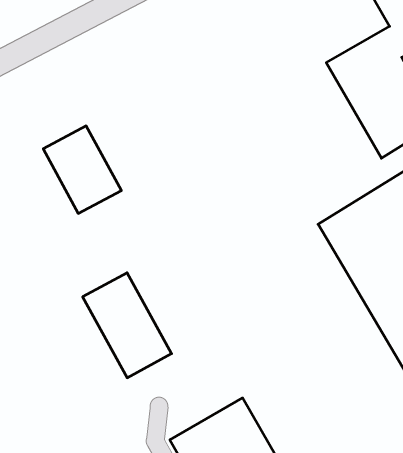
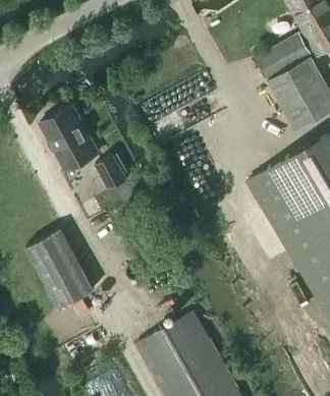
building: none -> [97,157,128,191]
building: [83,273,172,378] -> [26,230,94,309]

